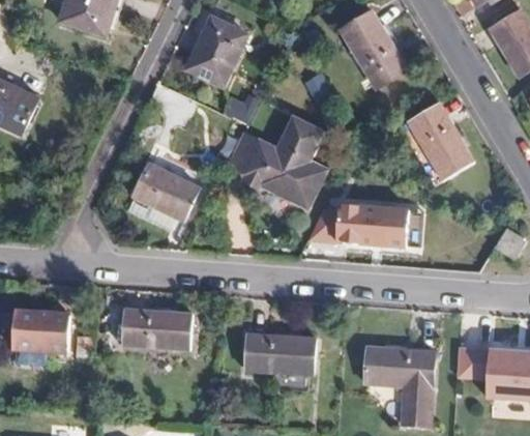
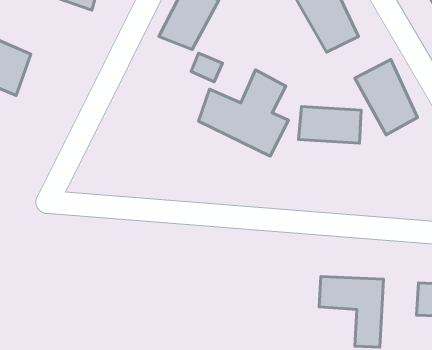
building: [131,162,203,222] -> none
building: [329,198,400,239] -> [299,106,361,143]
building: [126,310,196,352] -> none
building: [14,312,71,352] -> none
building: [245,330,316,373] -> none

